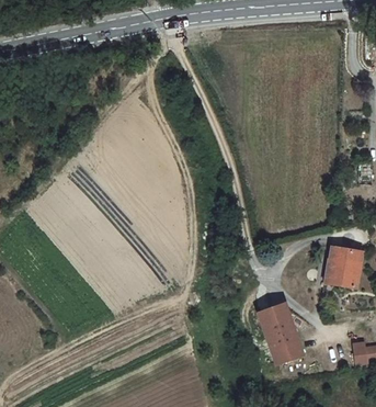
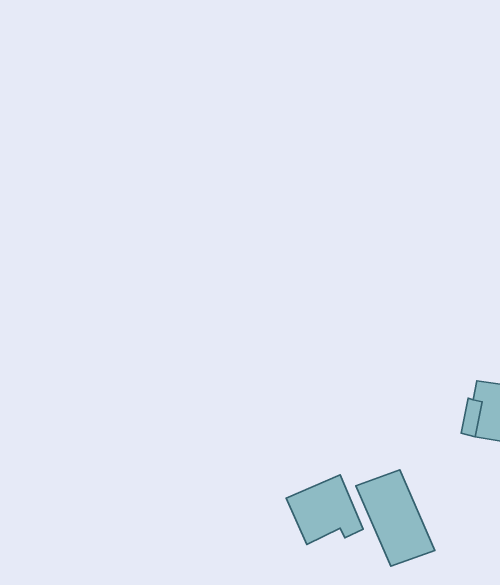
building: none -> [286,475,363,545]

